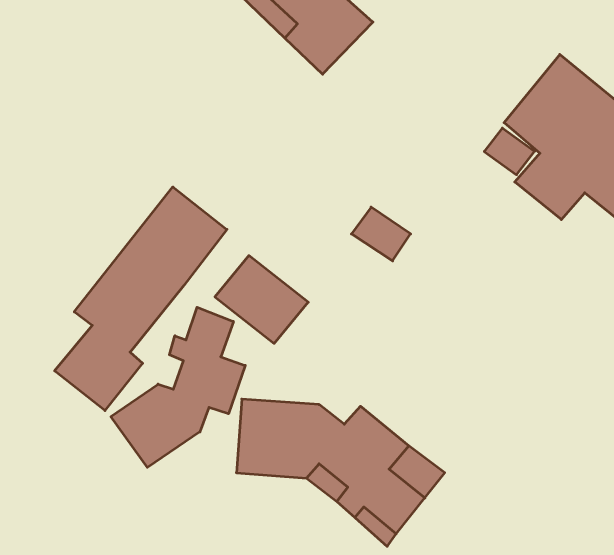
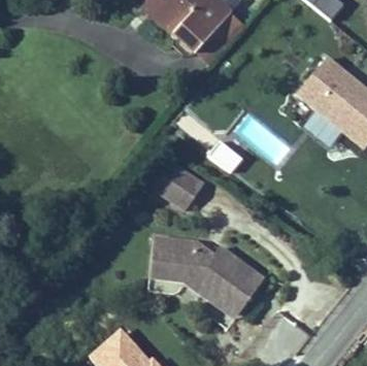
building: [55,187,227,411] -> none
building: [111,307,245,467] -> none

